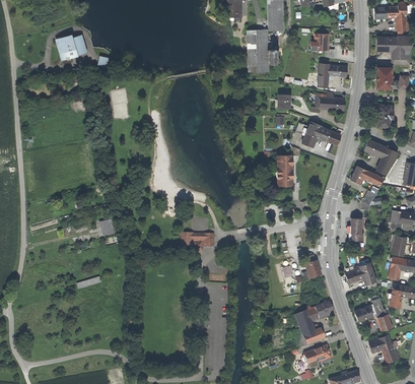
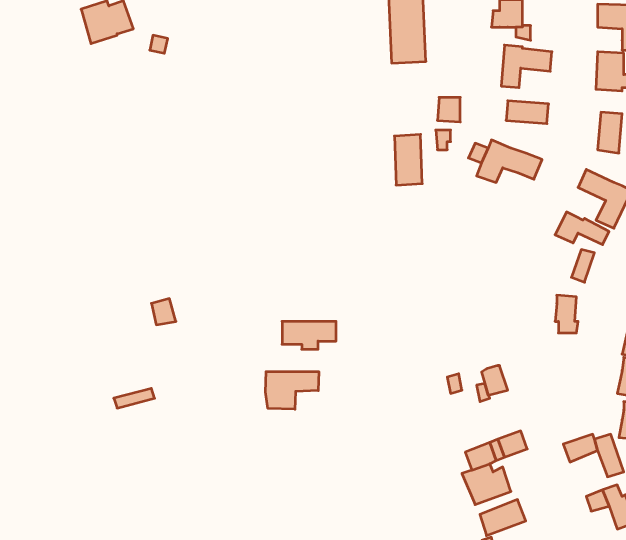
building: [277,154,294,186] -> [394,134,422,185]
building: [345,262,377,285] -> none
building: none -> [265,372,319,409]

